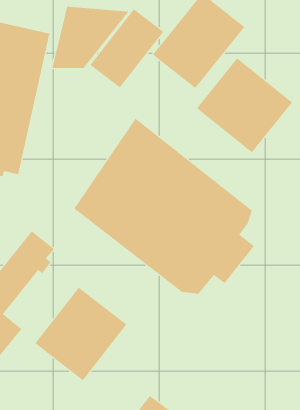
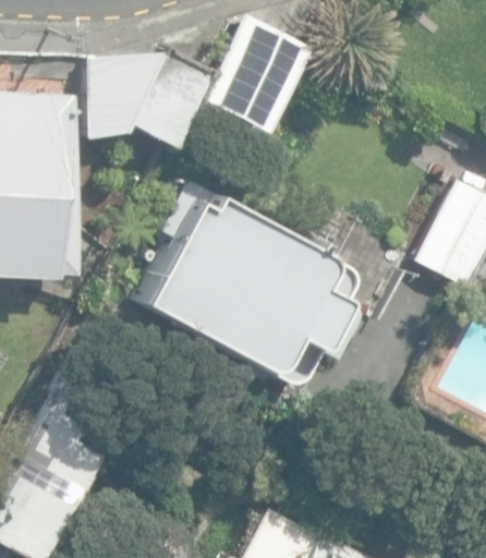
building: [196,57,293,153] -> none
building: [34,287,127,381] -> none

